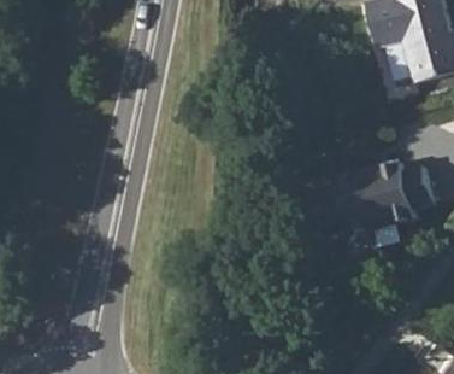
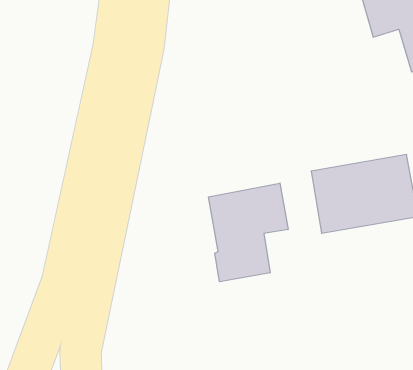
building: none -> [208,183,288,282]

